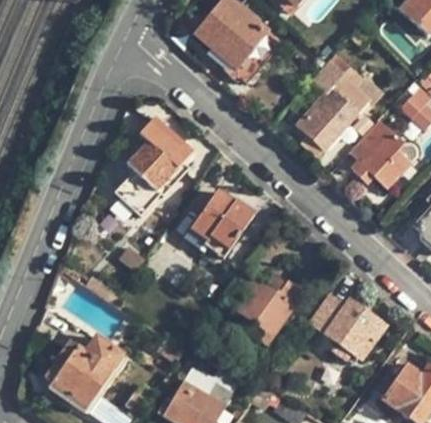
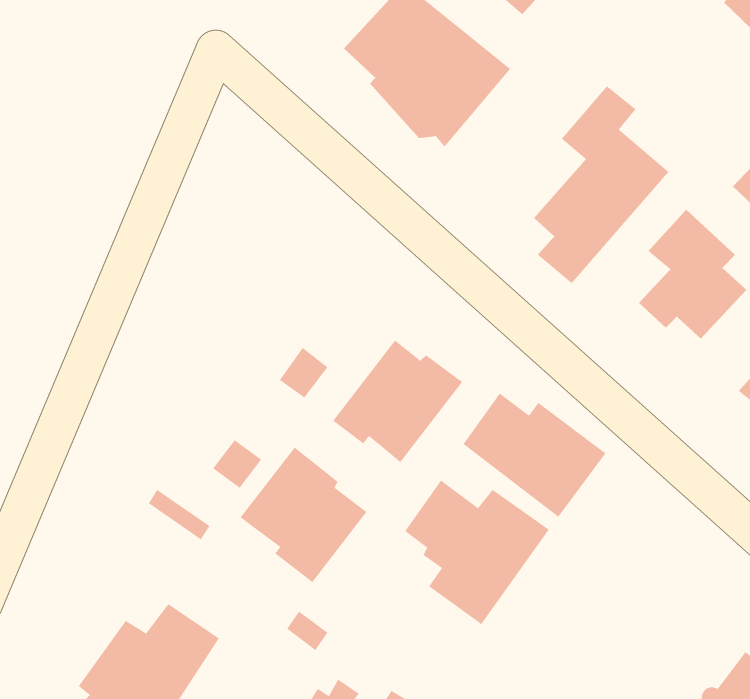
building: [116,115,202,215] -> none
building: none -> [239,446,367,583]
building: [310,294,388,362] -> [463,392,606,518]

